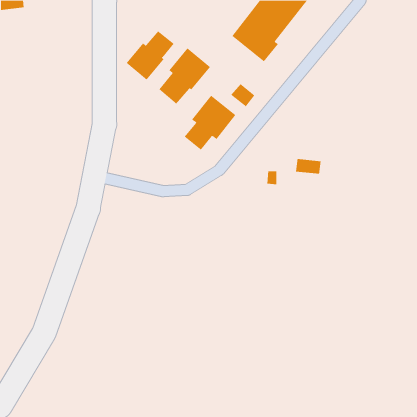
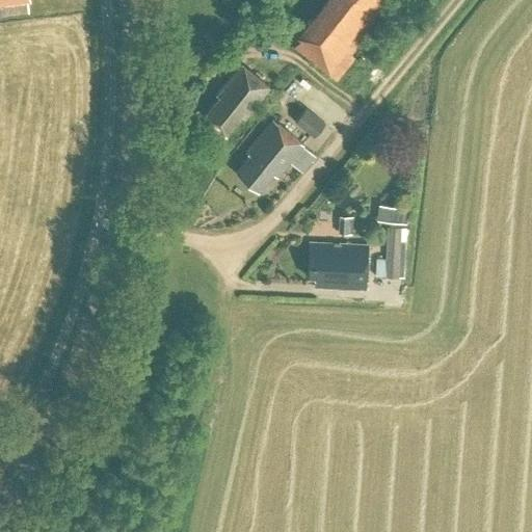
building: [126,31,174,80] -> none
building: none -> [385,227,407,277]
building: none -> [309,245,368,289]

